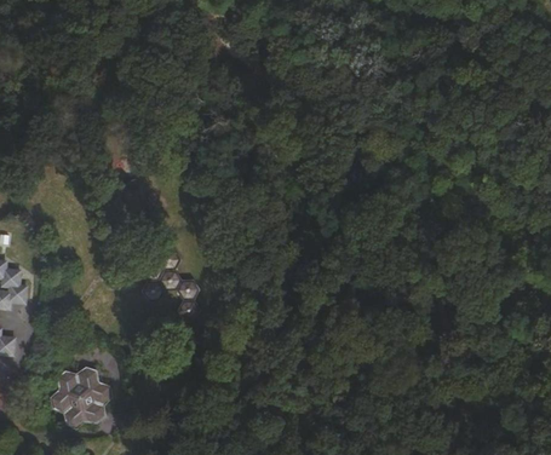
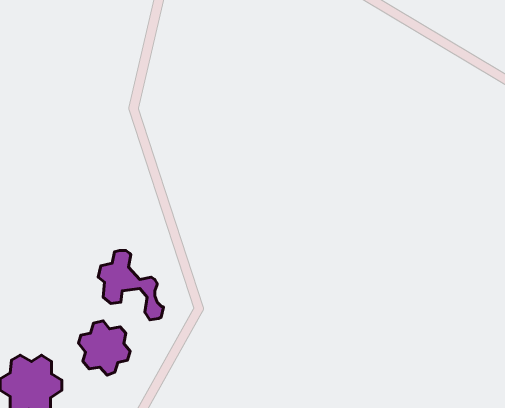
building: none -> [78,321,130,375]

